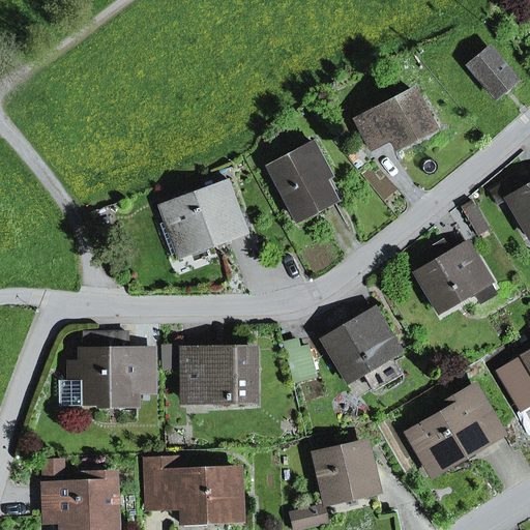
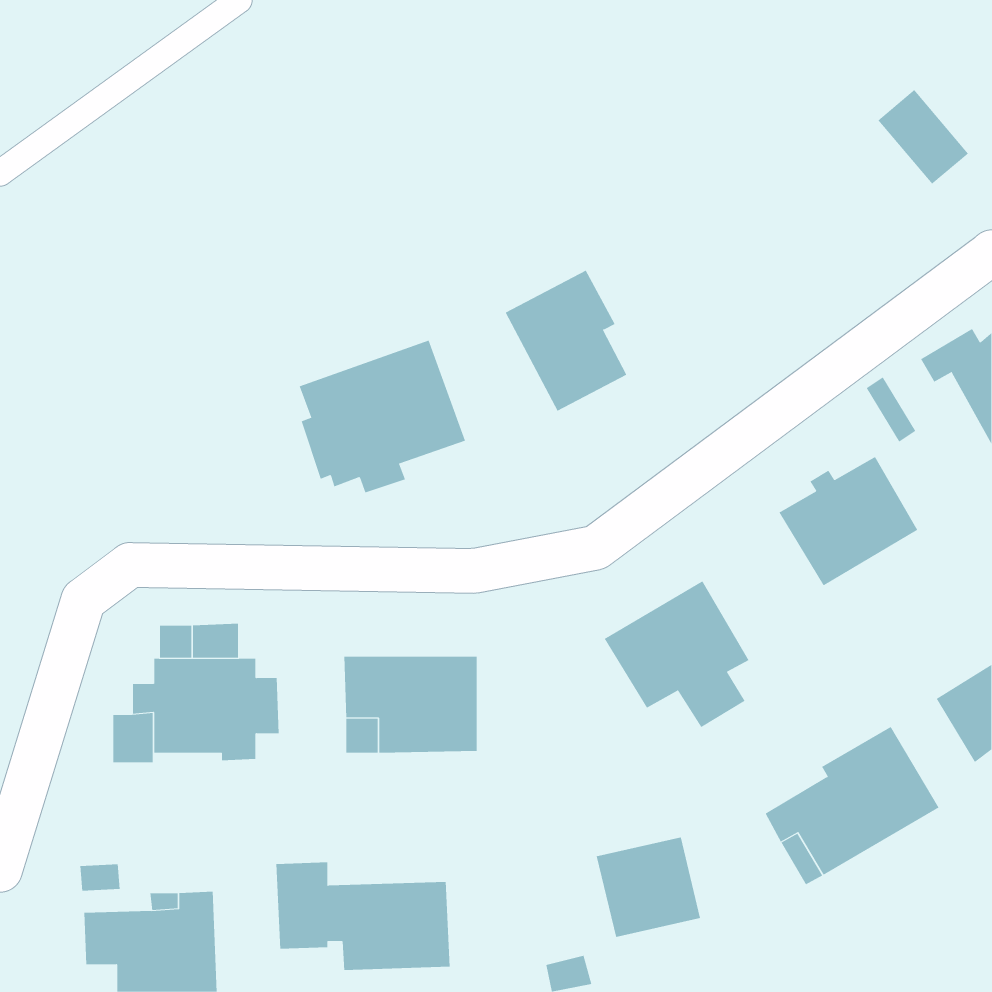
building: [356,91,433,148] -> none

